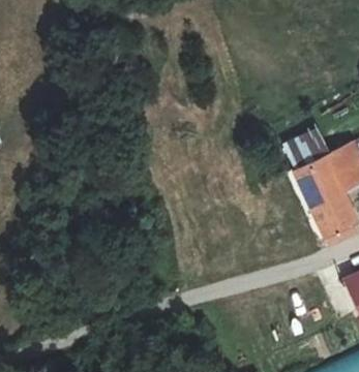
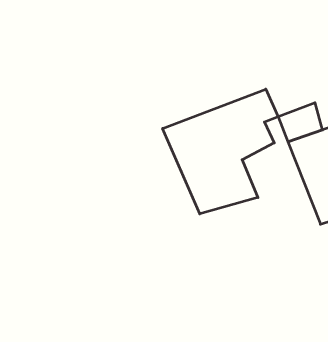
building: none -> [163,89,278,214]

